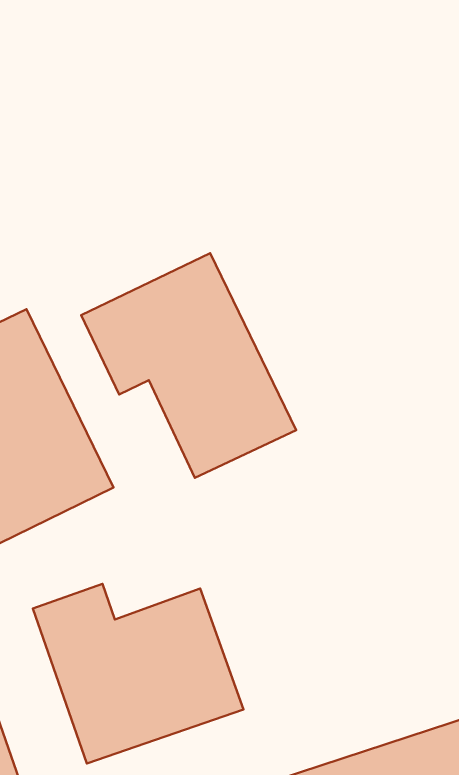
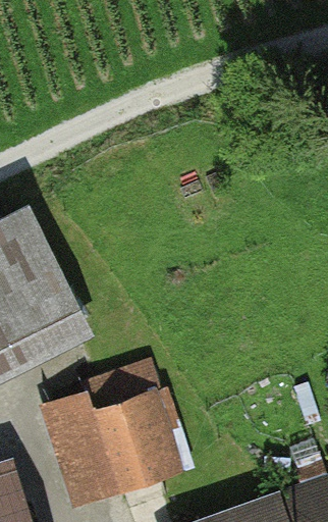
building: [81,253,296,478] -> none

